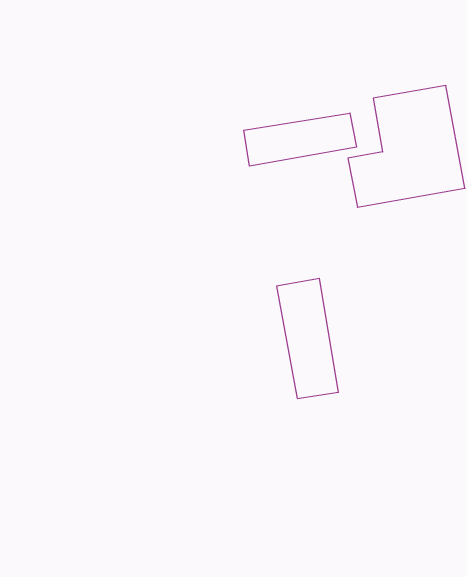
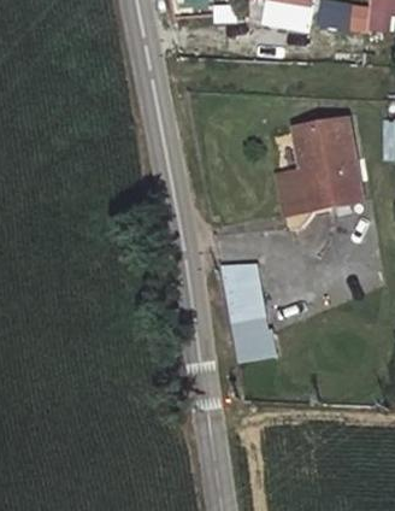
building: [244,113,356,166] -> none

